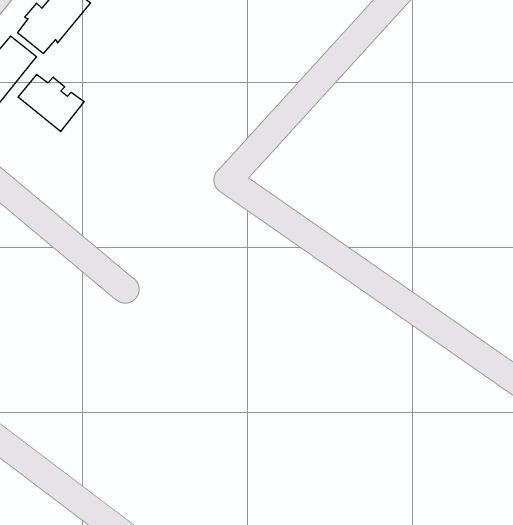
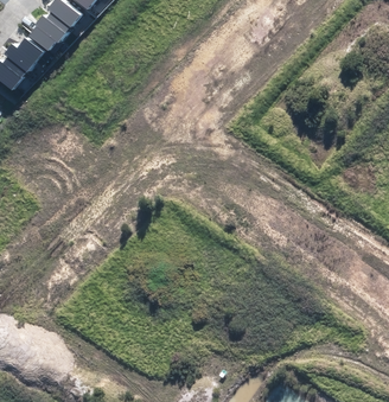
building: [18,74,84,132] -> none

